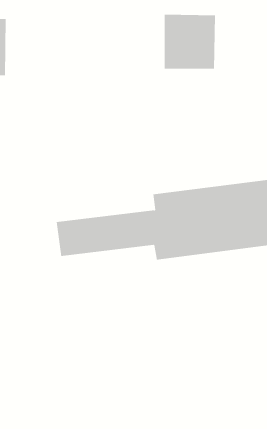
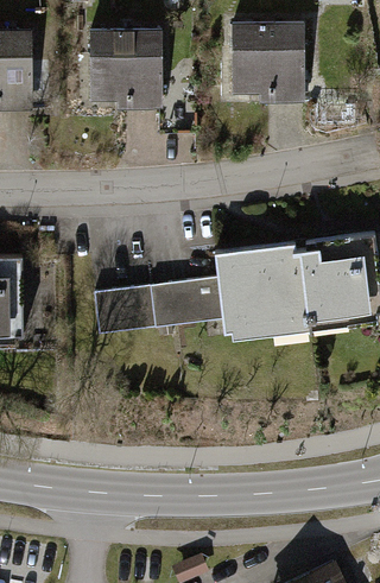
building: none -> [86,31,162,102]

